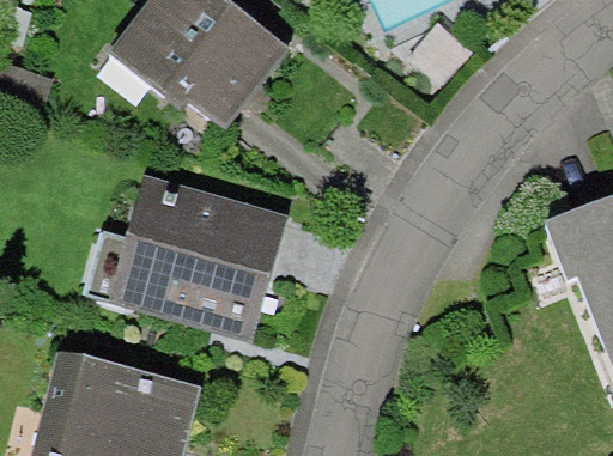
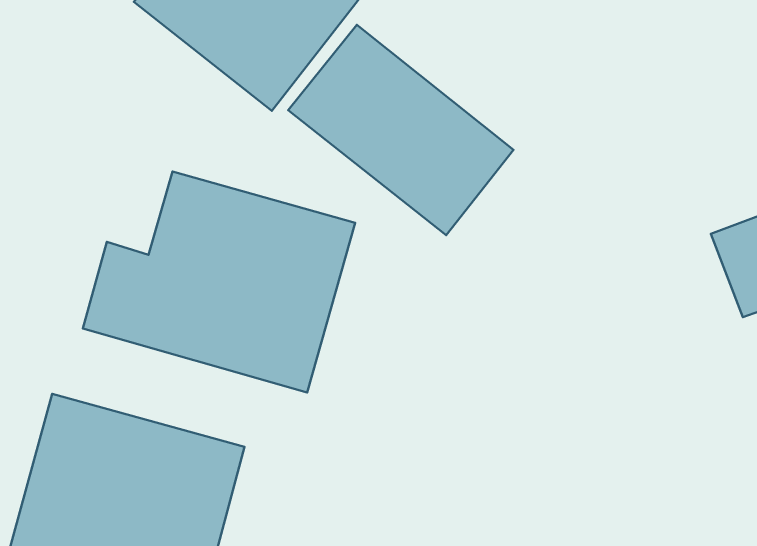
building: none -> [288,25,513,235]

